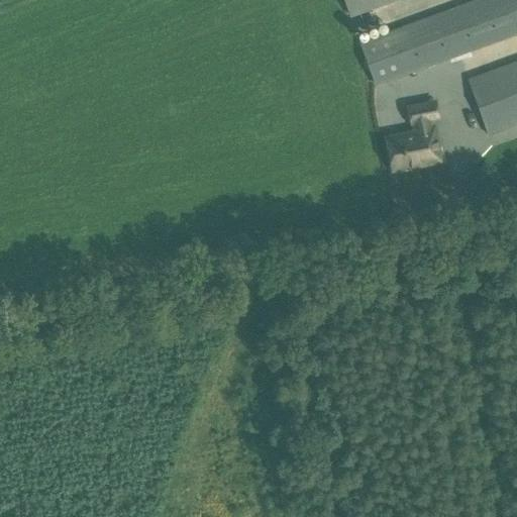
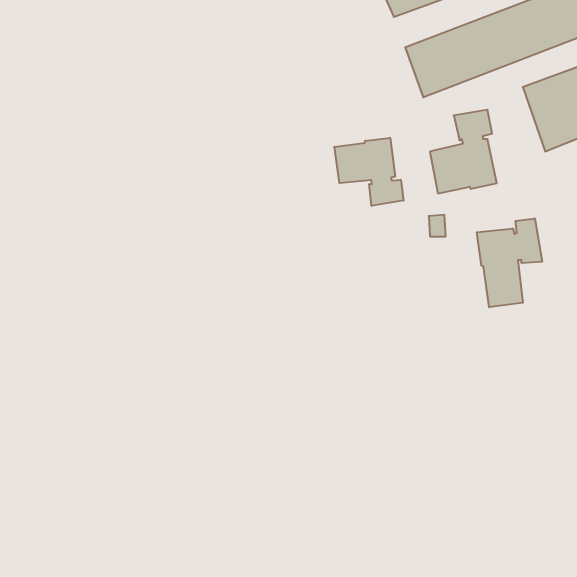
building: none -> [334,138,404,206]
building: none -> [477,218,542,307]

